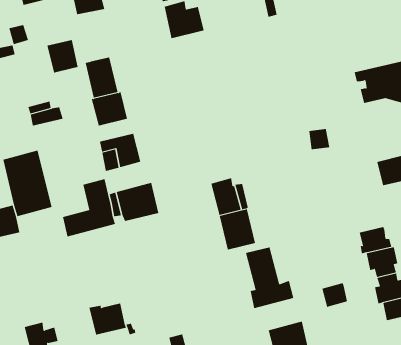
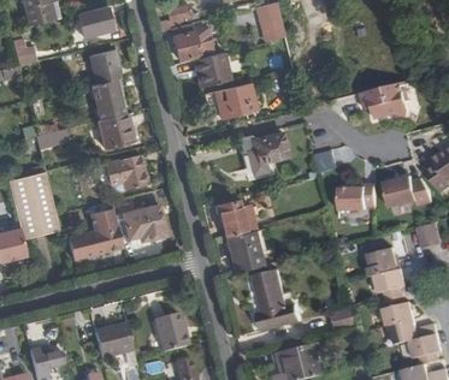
building: none -> [191,52,230,87]
building: [46,40,79,73] -> [88,49,120,83]
building: none -> [213,83,256,119]
building: none -> [237,133,286,174]
building: none -> [337,185,374,212]
building: none -> [154,313,188,351]

